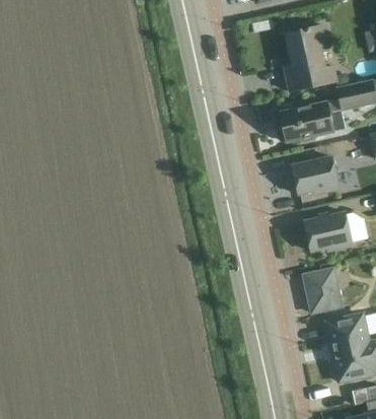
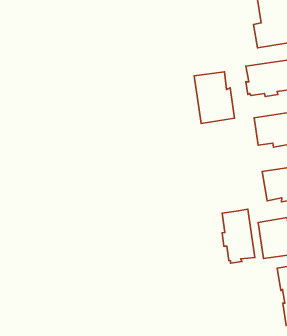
building: none -> [194,72,234,123]
building: none -> [222,209,255,263]

